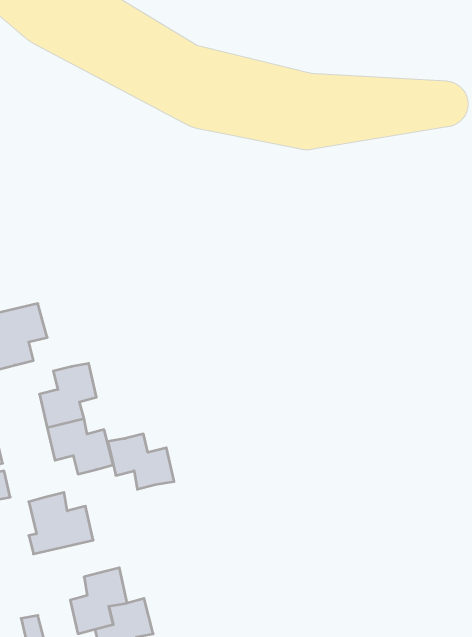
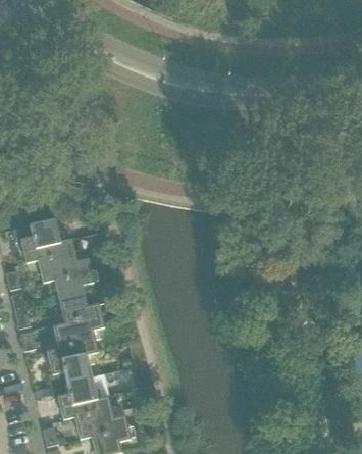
building: none -> [38,239,75,282]
building: [108,434,174,489] -> [53,319,97,356]
building: none -> [50,375,95,417]

